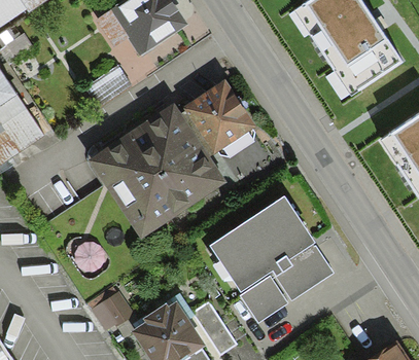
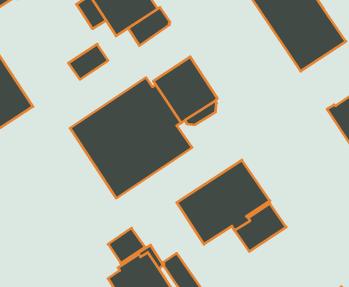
building: none -> [128,7,170,46]
building: [239,275,287,322] -> none
building: [92,290,134,330] -> [108,228,145,263]

